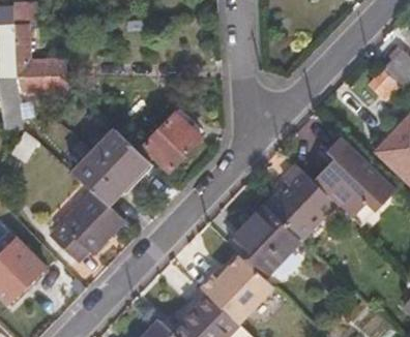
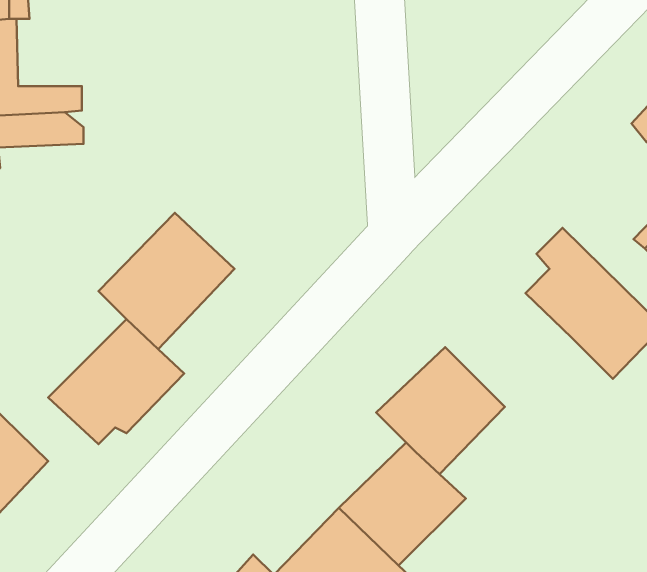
building: [144,106,204,171] -> none
building: [267,161,338,239] -> none

